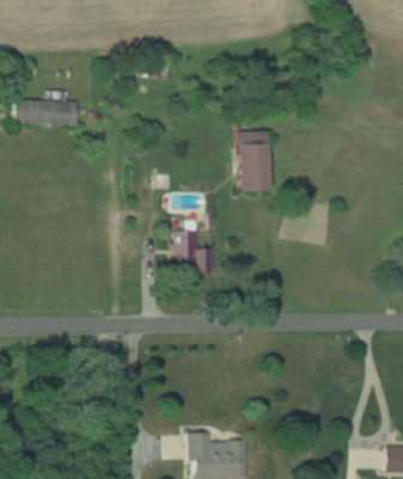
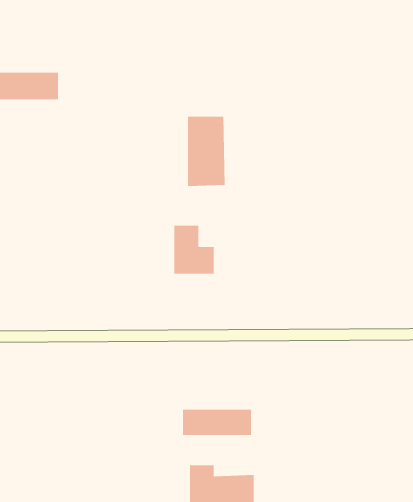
building: [238,130,270,190] -> [187,116,225,187]
building: none -> [182,409,252,436]

